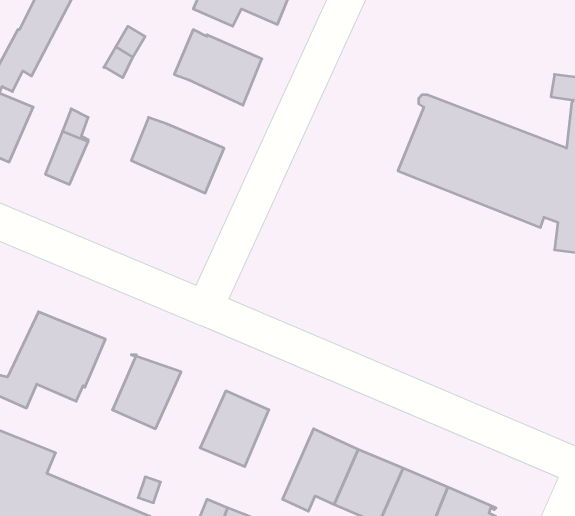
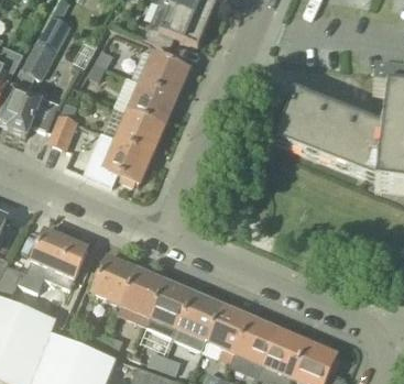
building: none -> [128,80,176,124]
building: none -> [91,132,152,184]
building: none -> [120,267,165,316]
building: none -> [173,292,221,349]

